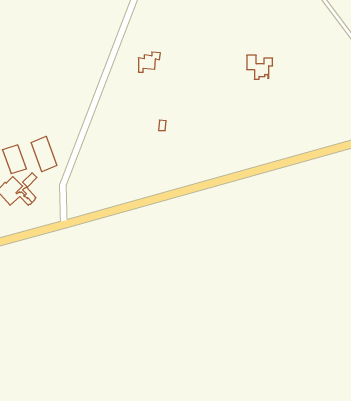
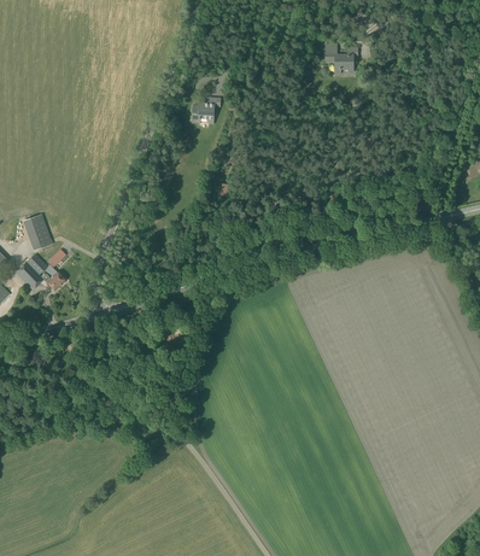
building: [247,55,273,79] -> [326,42,358,72]
building: [31,136,57,172] -> none

